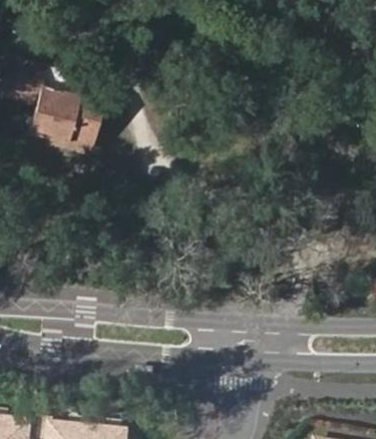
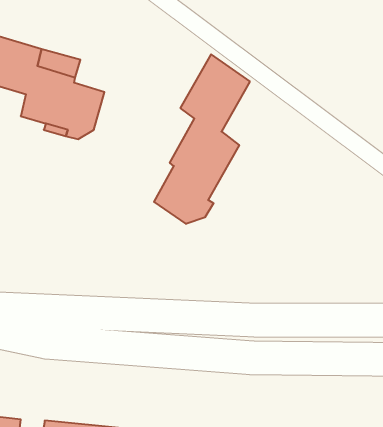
building: none -> [154,54,250,224]

